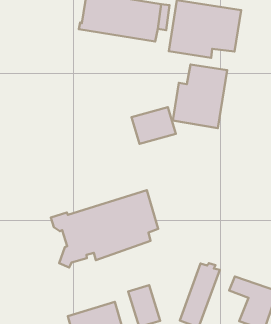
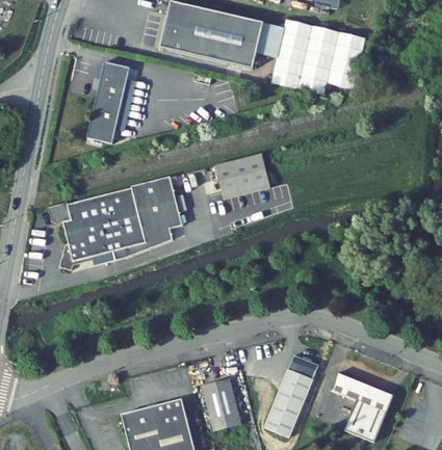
building: none -> [84,61,131,141]
building: [173,64,227,128] -> none
building: [51,190,158,267] -> [55,176,190,268]

